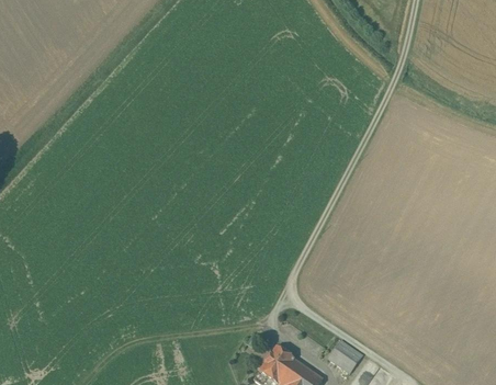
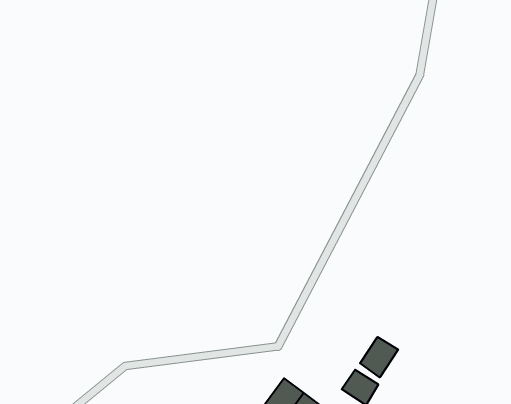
building: none -> [360,337,398,377]

